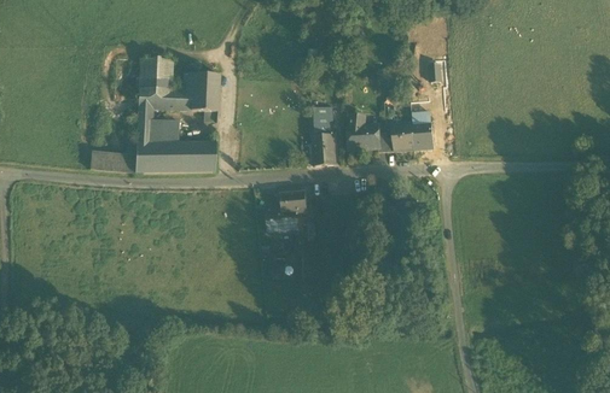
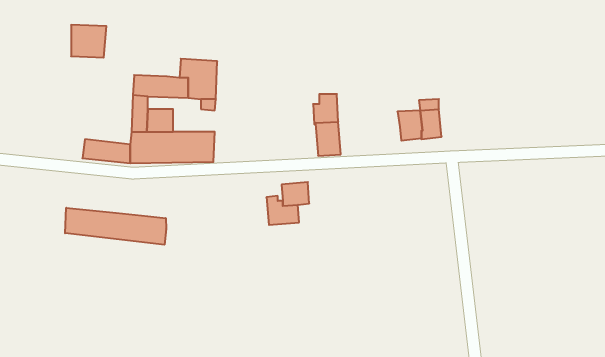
building: [141,58,175,89] -> [71,25,106,58]
building: [352,115,382,148] -> none
building: none -> [65,208,166,245]

